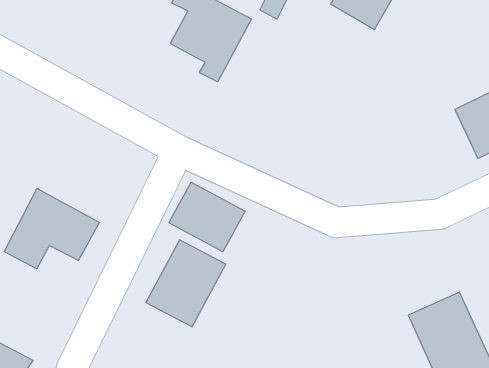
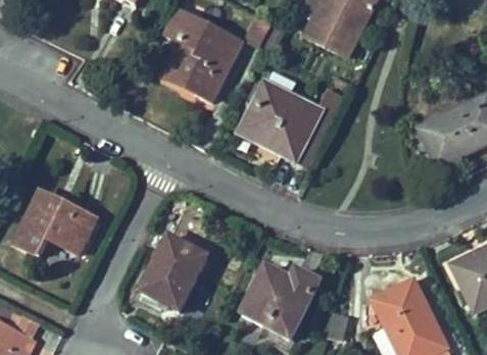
building: none -> [236,65,333,164]
building: [169,182,245,252] -> none
building: none -> [244,270,327,346]

